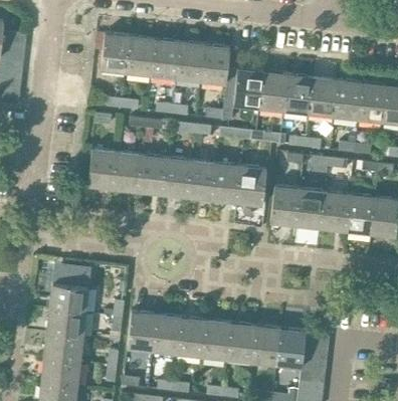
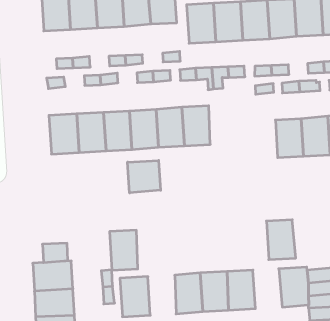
building: [236,166,266,205] -> none
building: [270,187,301,225] -> none
building: none -> [128,160,161,193]
building: [153,315,182,354] -> [110,230,138,270]
building: [251,326,279,365] -> [266,220,296,260]

